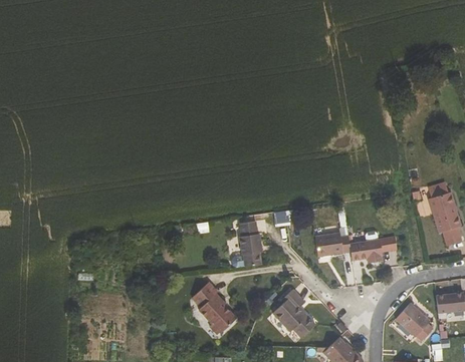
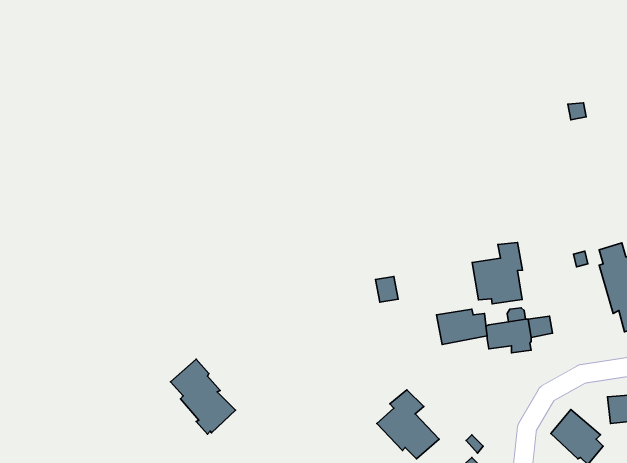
building: none -> [472,242,523,304]
building: [238,221,262,268] -> none
building: [191,282,237,335] -> [171,359,236,434]

